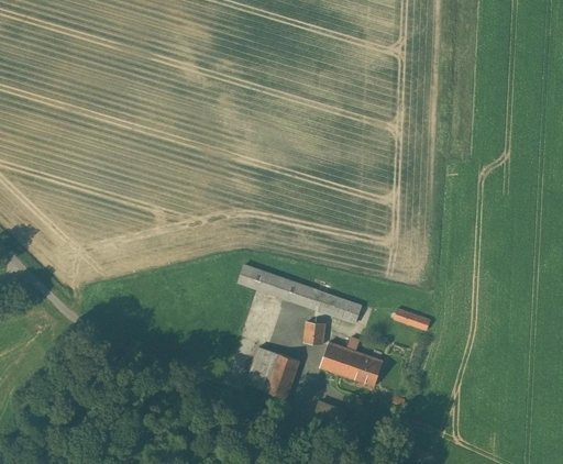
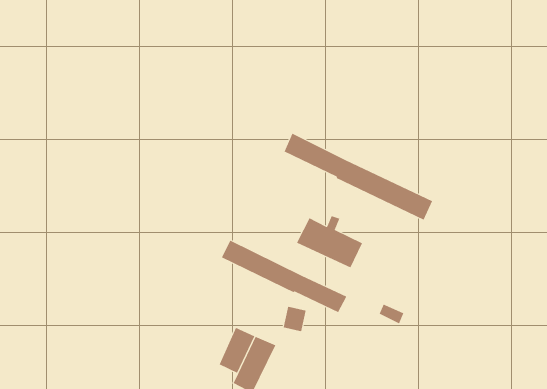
building: none -> [284,133,433,221]
building: [319,338,383,386] -> [296,215,363,268]

